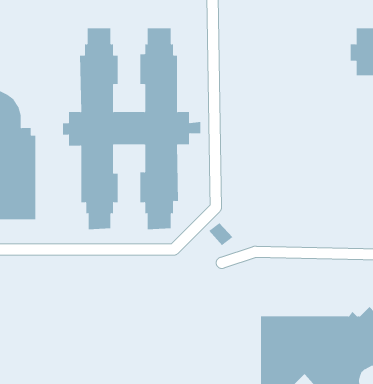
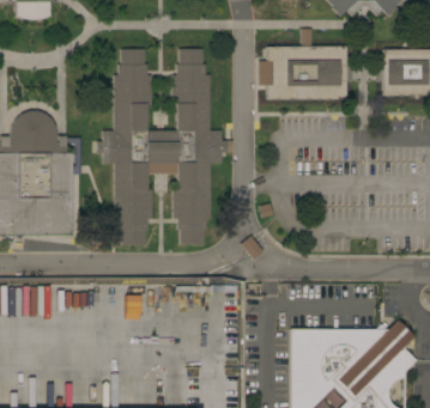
building: none -> [259,29,352,99]

